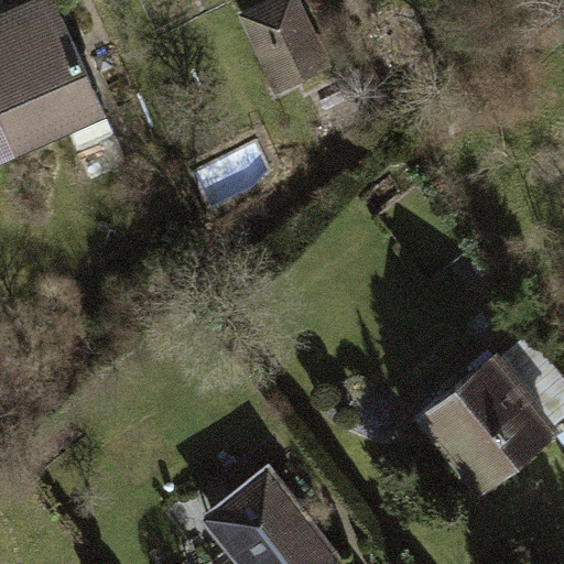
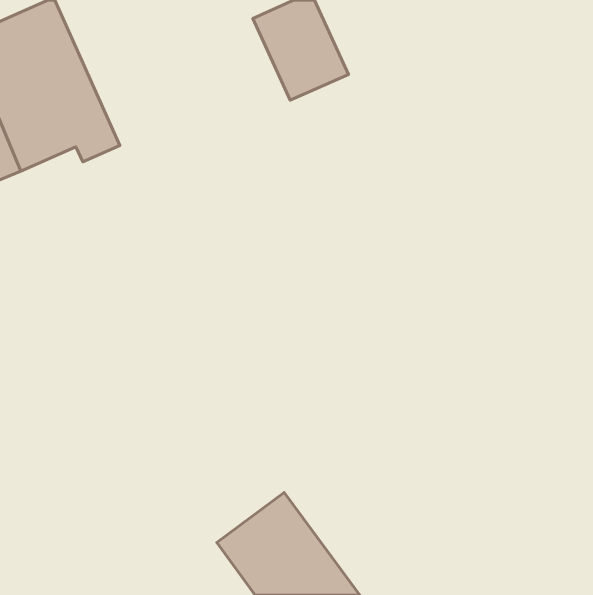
building: [421,350,553,484] -> none

